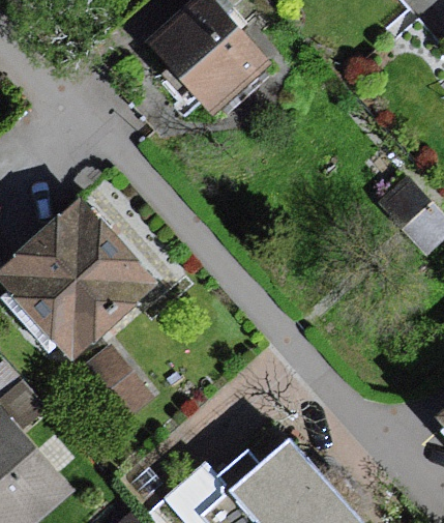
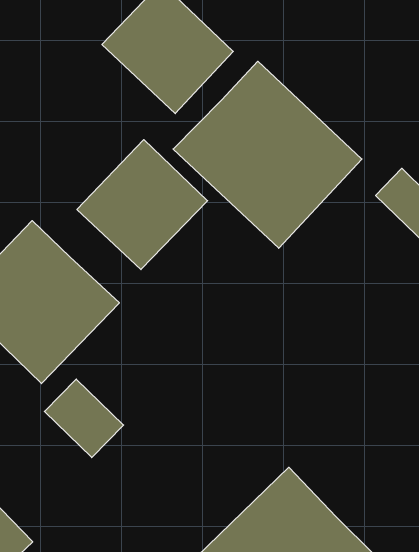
building: none -> [173,61,362,248]
building: none -> [77,140,208,270]

